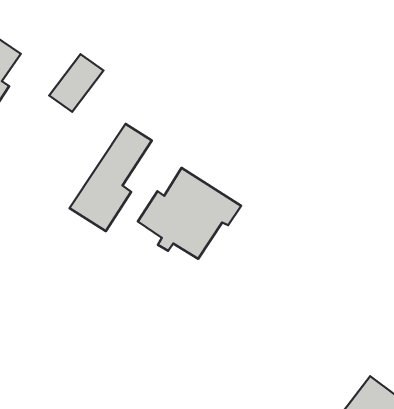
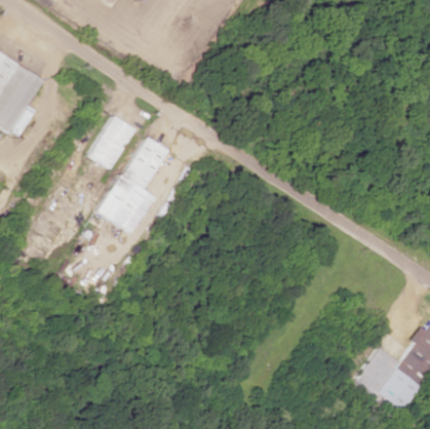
building: [49,54,103,112] -> [88,116,135,168]
building: [138,168,241,259] -> none

